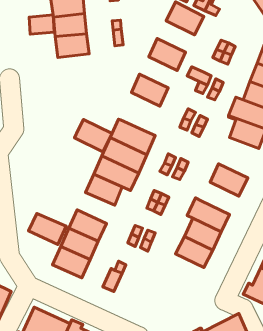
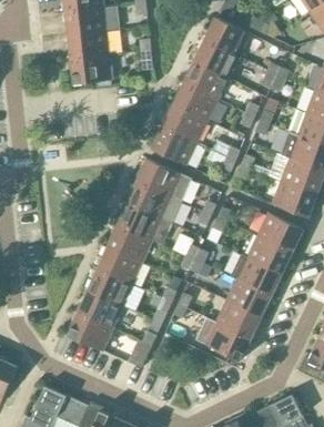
building: [29,15,54,34] -> none
building: none -> [193,40,239,78]
building: none -> [172,83,217,121]
building: [74,120,112,152] -> [151,126,196,165]
building: none -> [272,181,316,217]
building: none -> [246,235,292,274]
building: [29,213,66,245] -> [97,247,142,285]
building: none -> [195,318,250,362]

